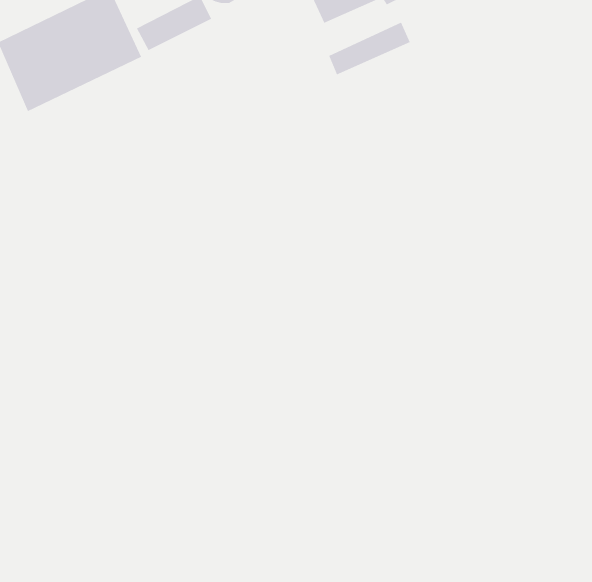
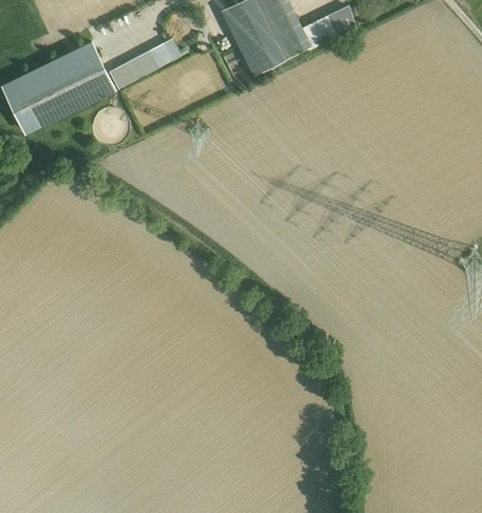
building: [328,22,411,76] -> none

